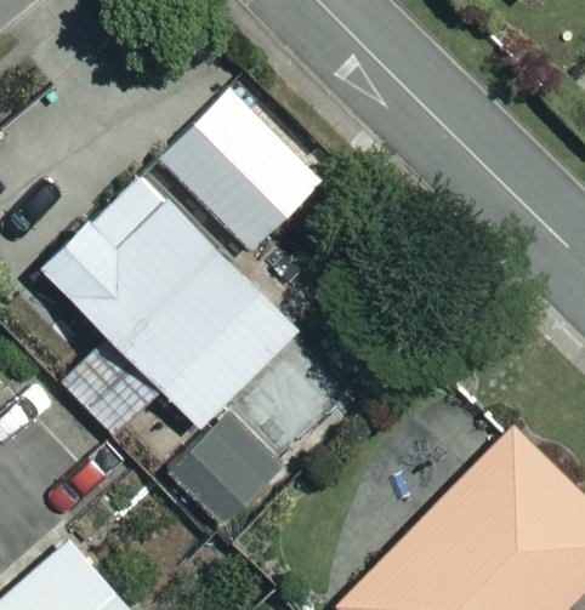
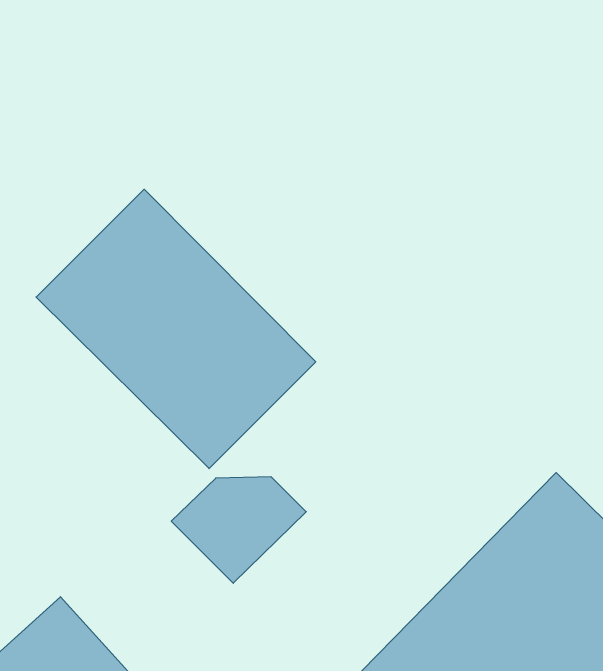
building: [159,90,323,253] -> none

